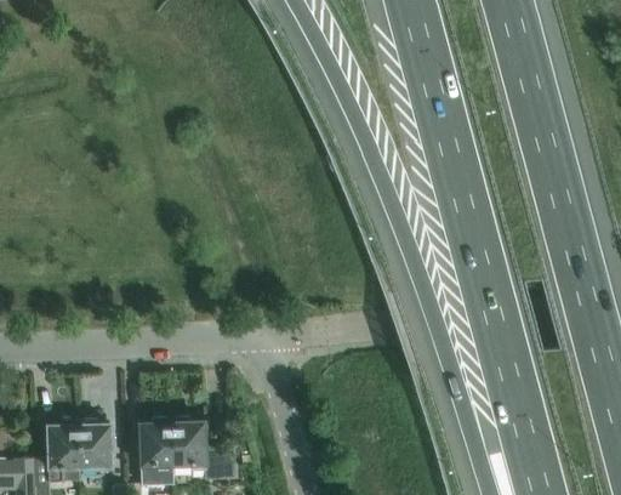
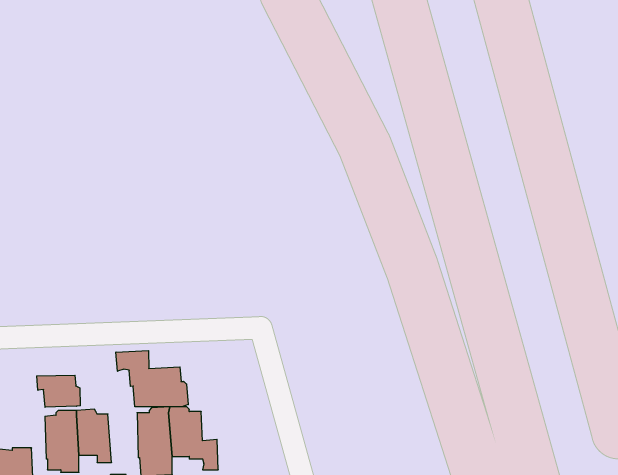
building: none -> [116,351,188,407]
building: none -> [37,375,80,407]

